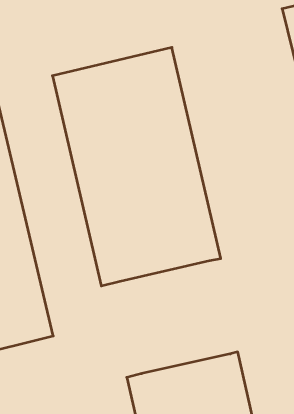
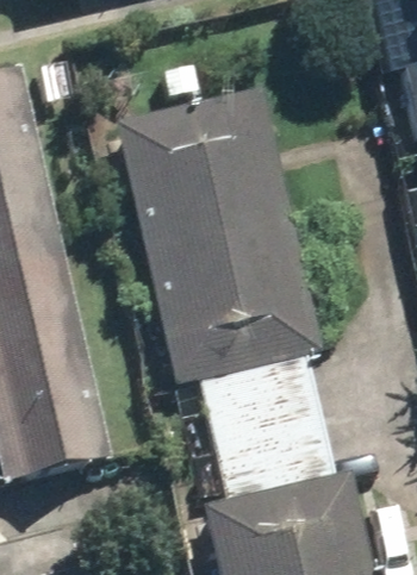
building: none -> [197,356,336,499]

